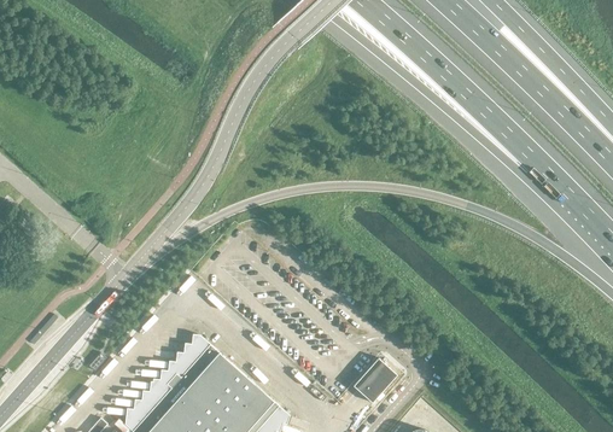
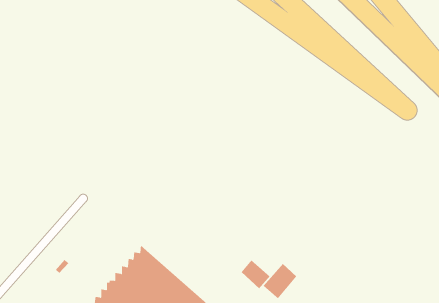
building: none -> [241,259,271,289]

